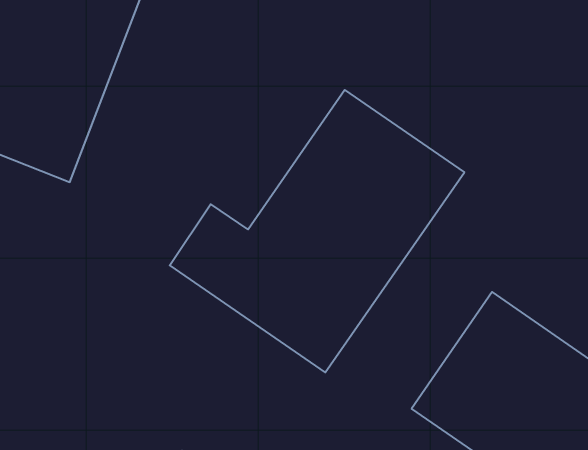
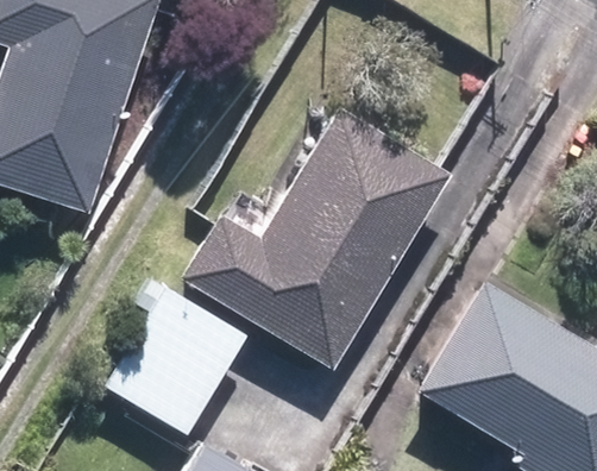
building: none -> [106,288,245,433]

